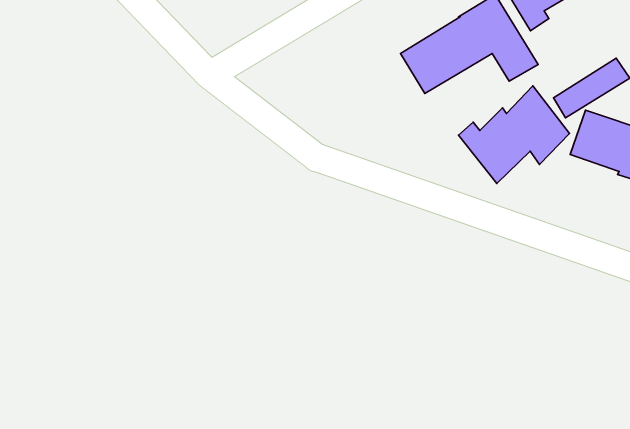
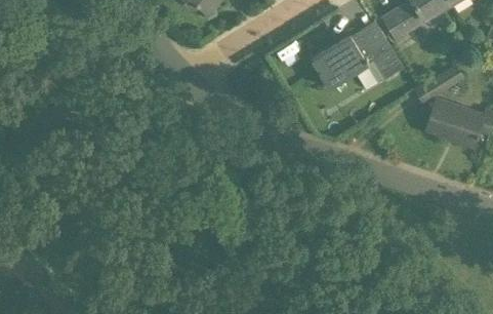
building: [458,86,570,184] -> none

